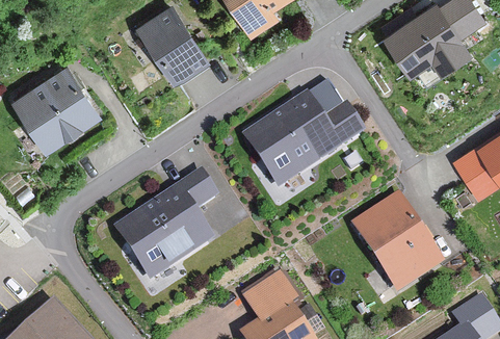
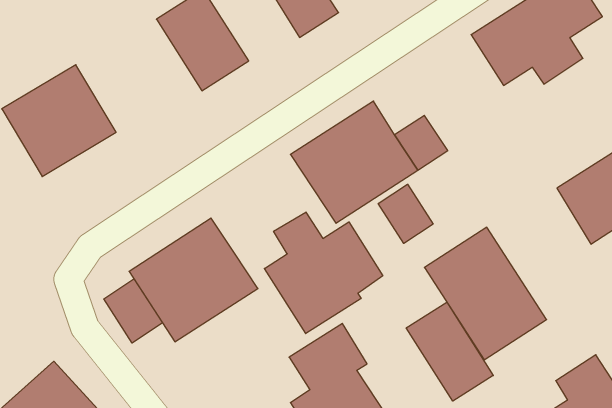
building: none -> [378,184,433,243]
building: [178,166,220,210] -> none
building: none -> [264,212,383,334]
building: none -> [104,279,163,343]
building: none -> [406,302,493,401]

